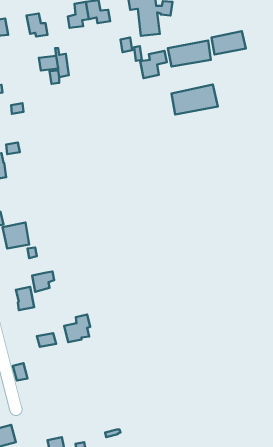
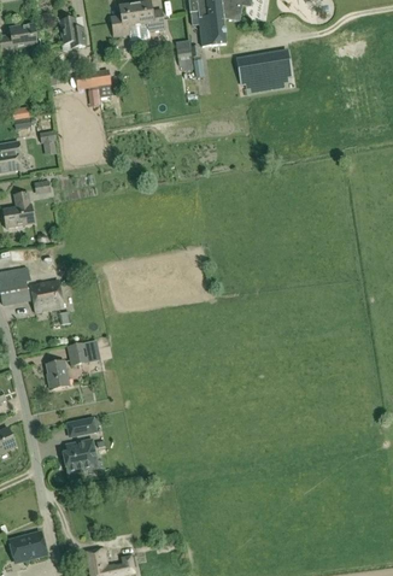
building: [212,31,246,55] -> none
building: [140,51,167,78] -> none
building: [171,85,218,115] -> none
building: [64,314,90,342] -> [63,439,95,474]

